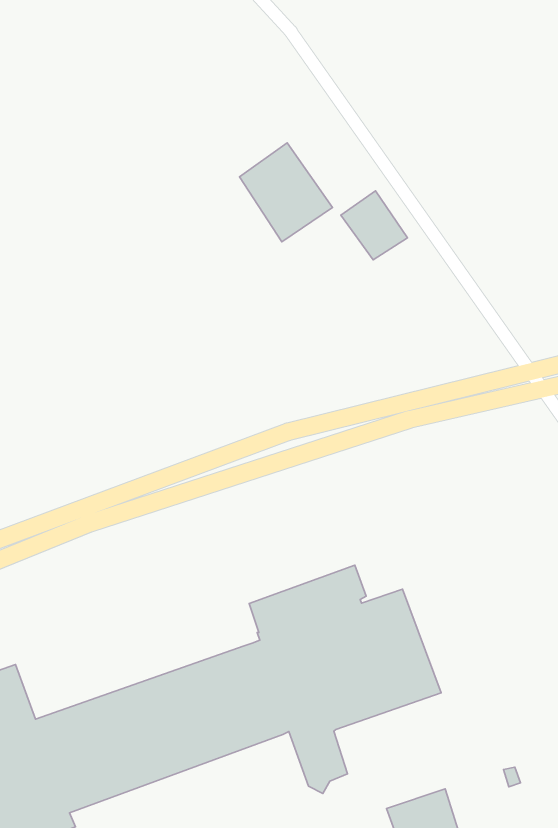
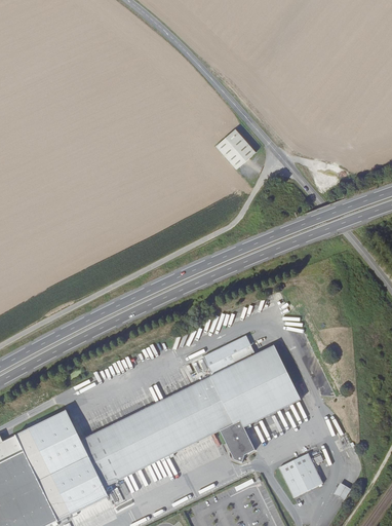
building: [239,143,332,242] -> none

